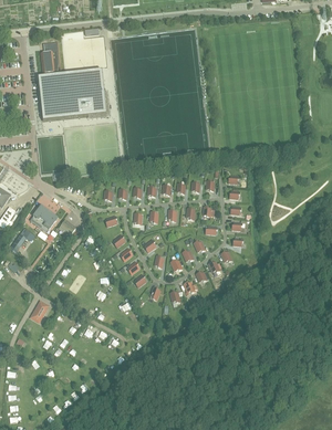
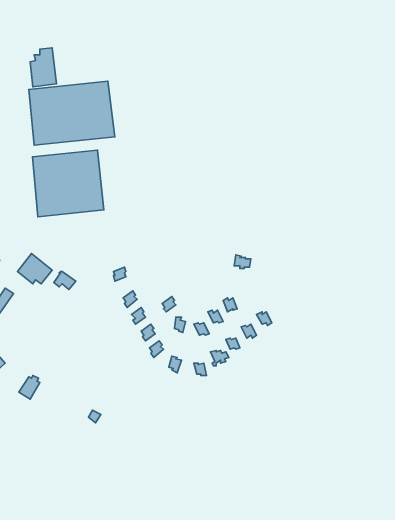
building: none -> [32,150,104,217]

